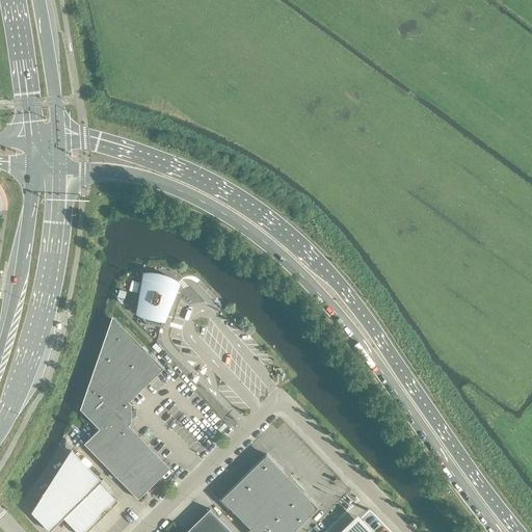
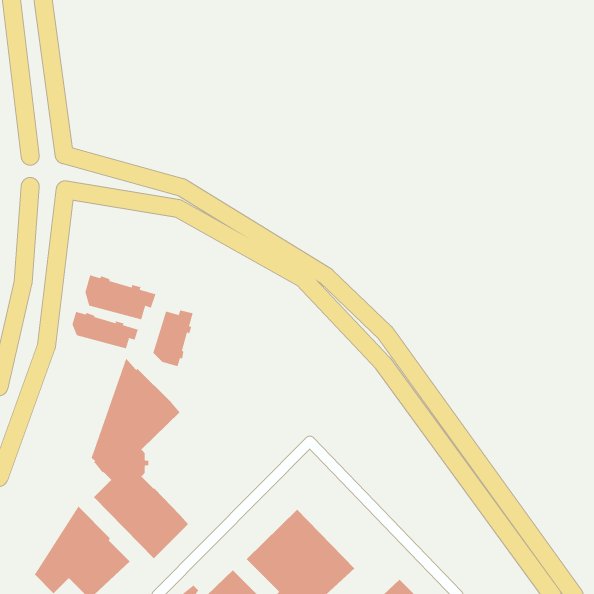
building: none -> [85,275,156,320]
building: none -> [72,311,139,349]

